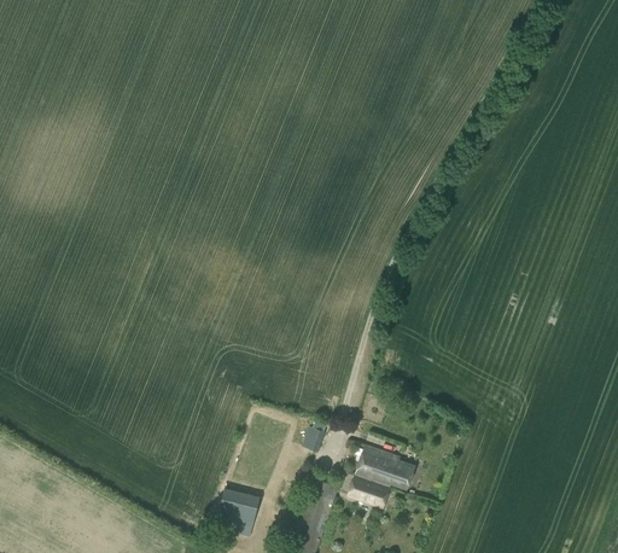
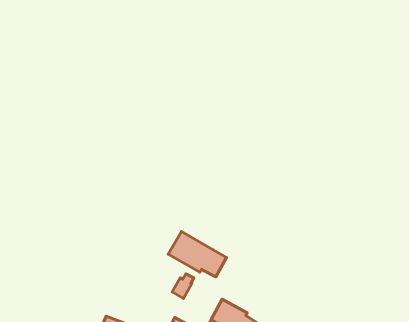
building: none -> [168,232,226,277]

